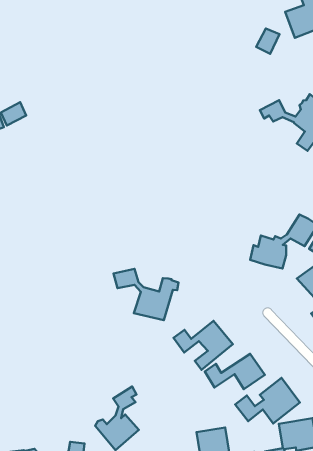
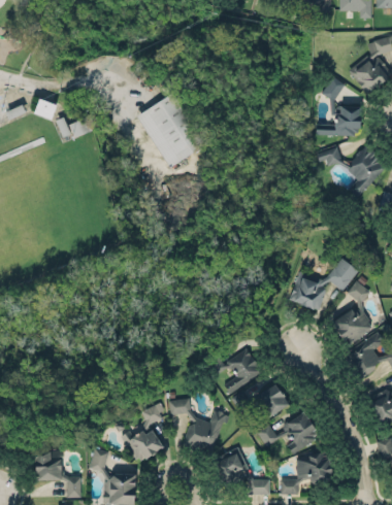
building: none -> [316,106,361,136]
building: none -> [138,94,206,168]
building: [114,269,178,320] -> [169,398,230,450]

